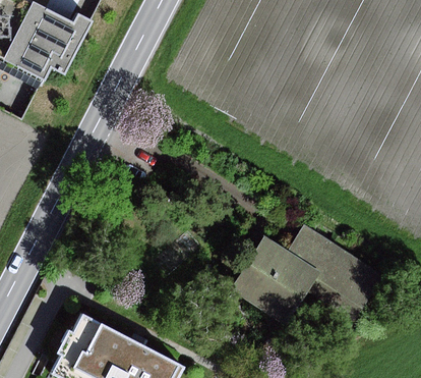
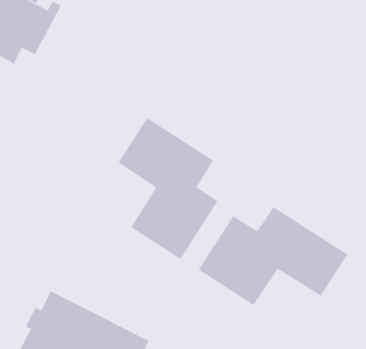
building: none -> [118,117,218,260]

